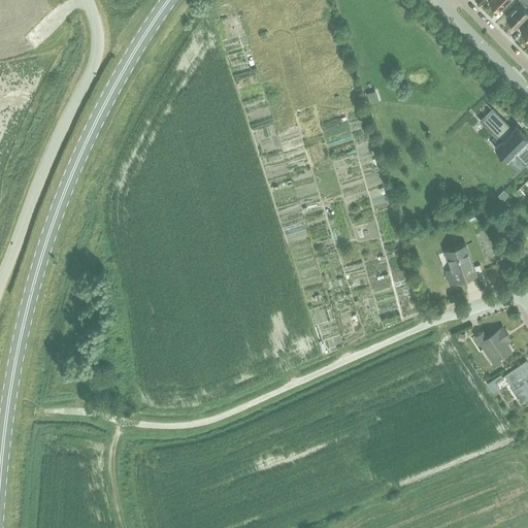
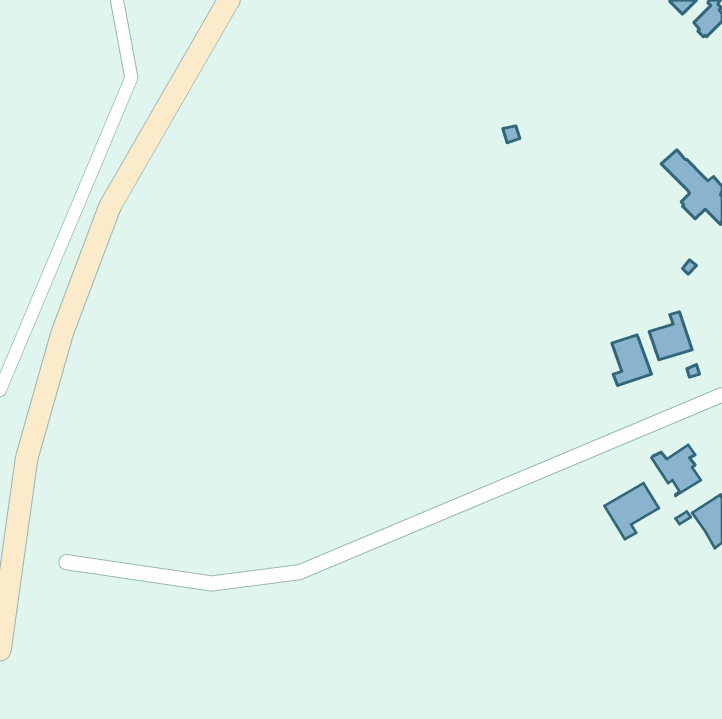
building: none -> [649,312,692,360]
building: none -> [605,483,659,539]

